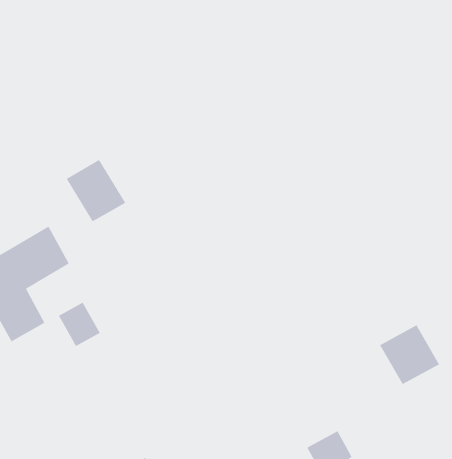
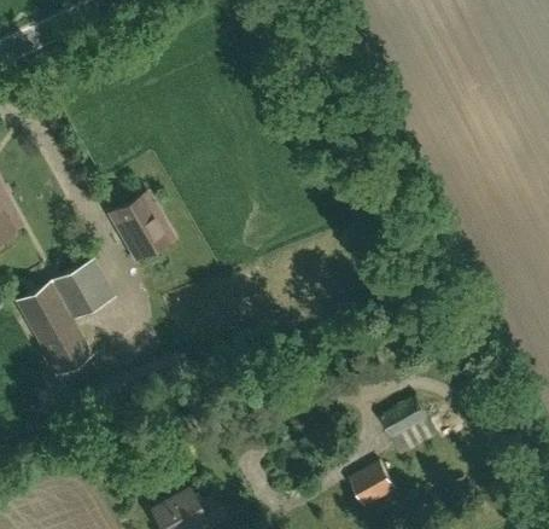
building: [58,302,101,347] -> none
building: [379,324,440,385] -> [378,396,438,457]

